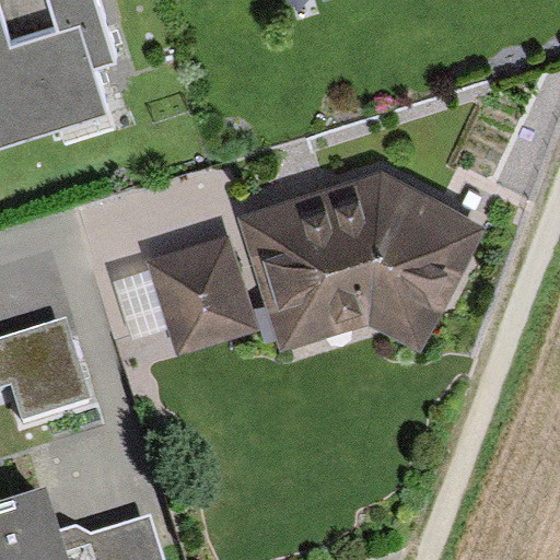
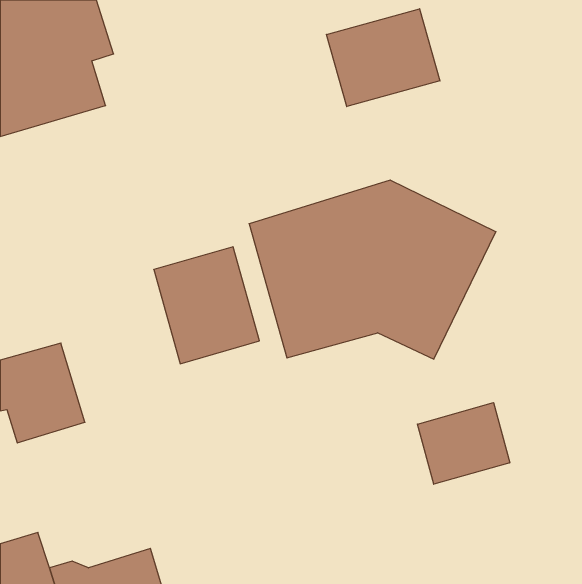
building: none -> [326,9,440,107]
building: none -> [417,403,510,484]

